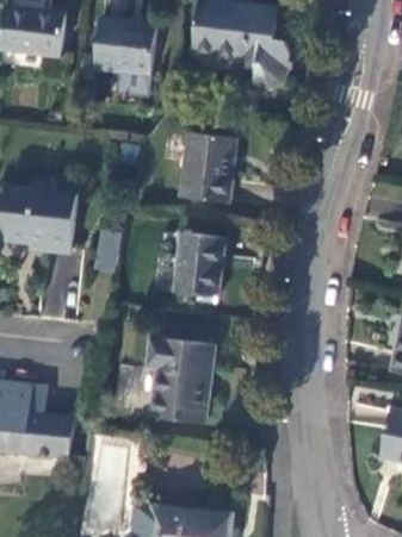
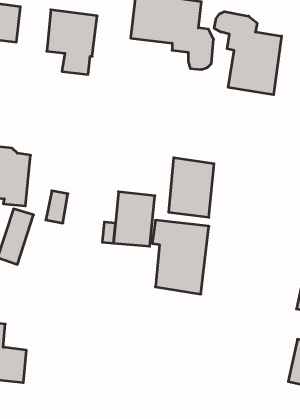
building: none -> [214,12,282,95]
building: [180,131,234,201] -> [169,158,214,217]
building: [147,336,214,423] -> [152,220,209,294]

